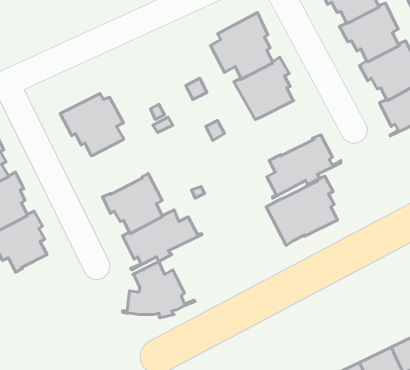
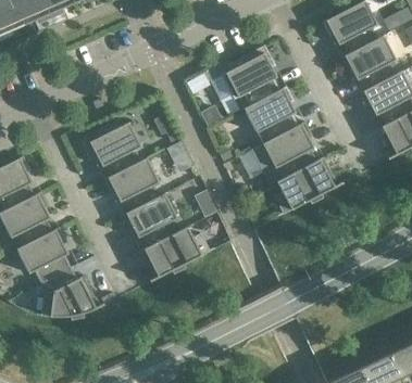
building: none -> [103,156,158,212]
building: [266,176,338,246] -> [250,120,316,184]
building: [122,262,195,318] -> [36,267,103,319]

